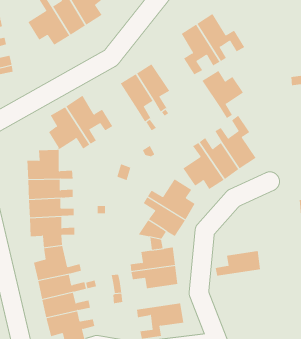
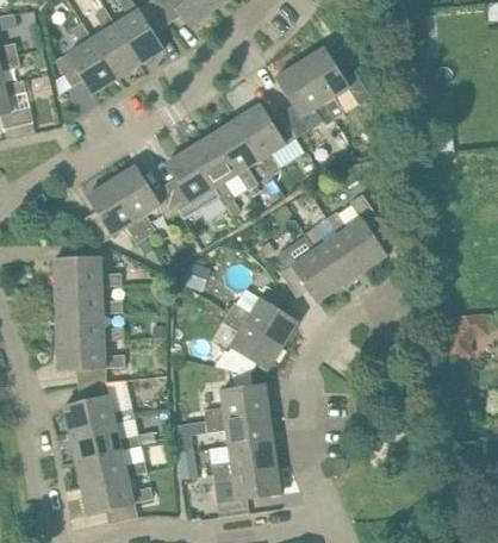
building: [202,70,244,119] -> [235,105,295,175]
building: none -> [163,149,214,219]
building: [215,250,261,276] -> [210,438,276,475]

